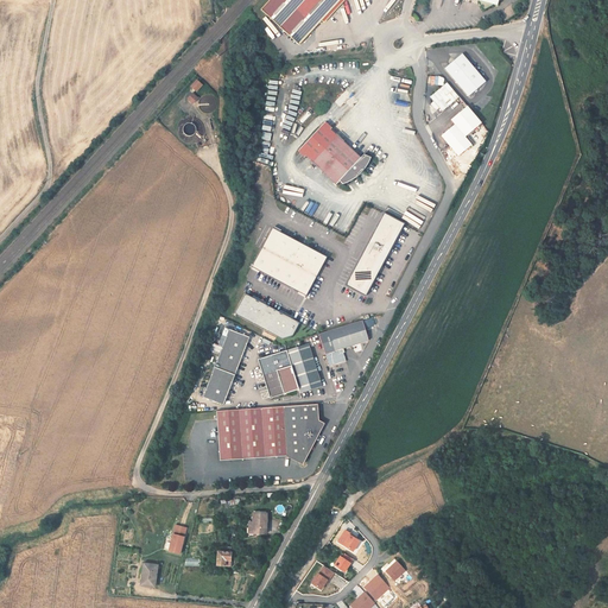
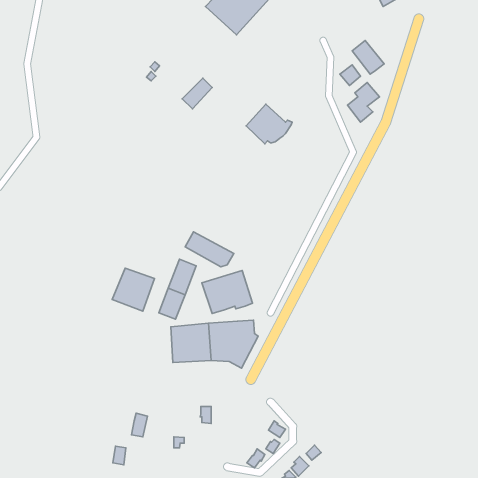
building: [298,120,336,159] -> [182,78,212,109]
building: [342,210,403,293] -> none
building: [251,226,325,292] -> none
building: [317,319,367,365] -> none
building: none -> [112,268,155,311]

